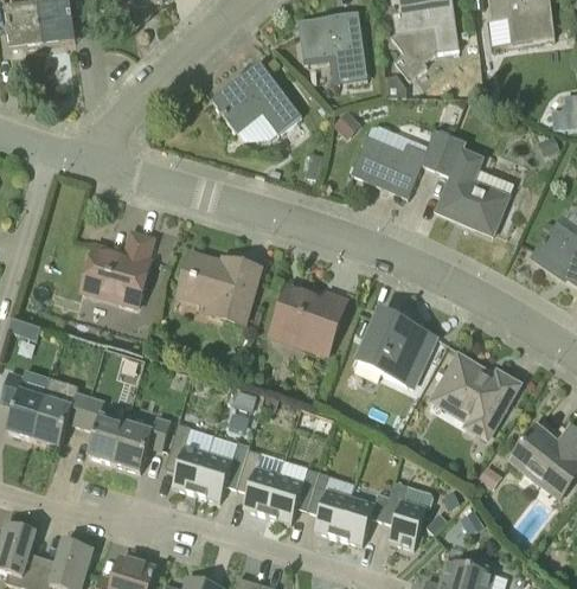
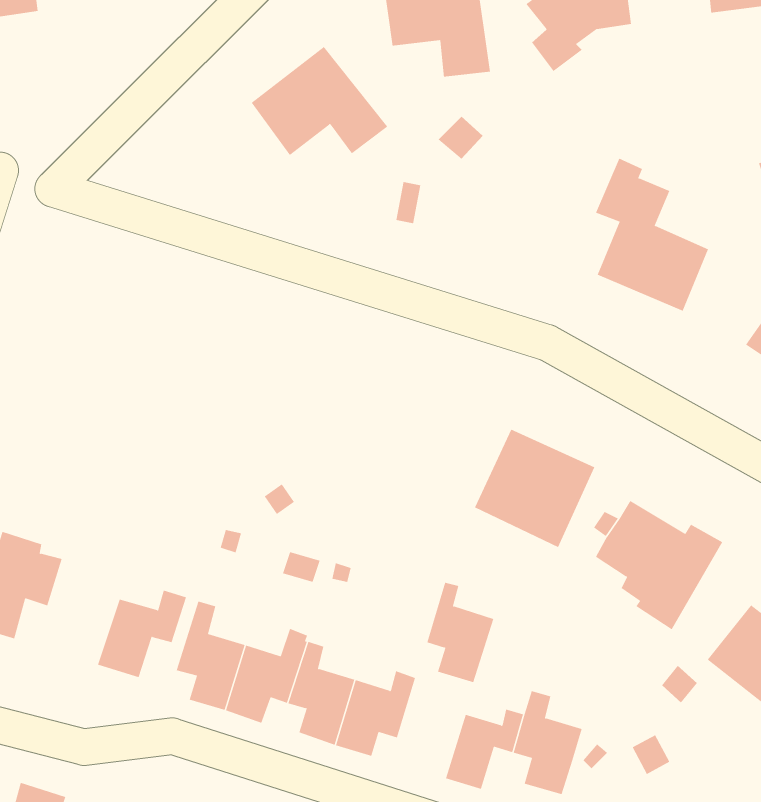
building: [351,128,450,197] -> none
building: [82,231,154,306] -> none
building: [178,251,259,325] -> none
building: [270,286,346,357] -> none
building: [81,393,127,462] -> none
building: [307,470,351,536] -> [426,582,494,683]

